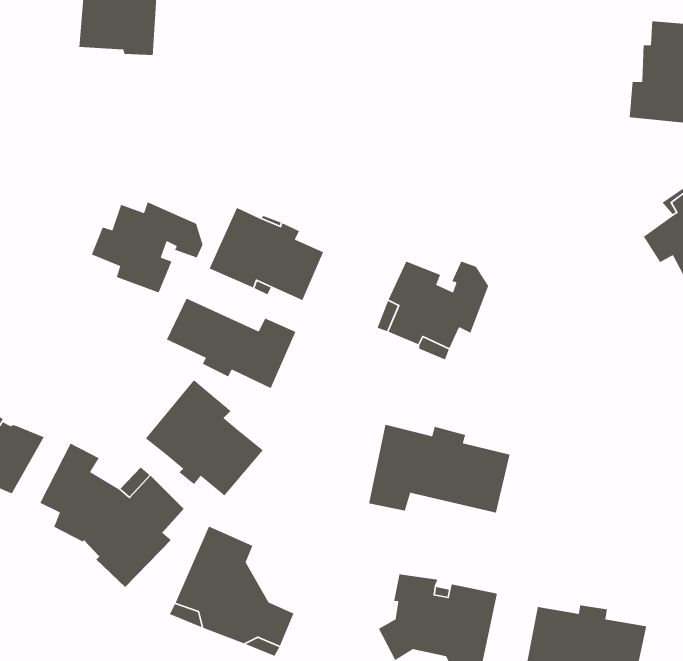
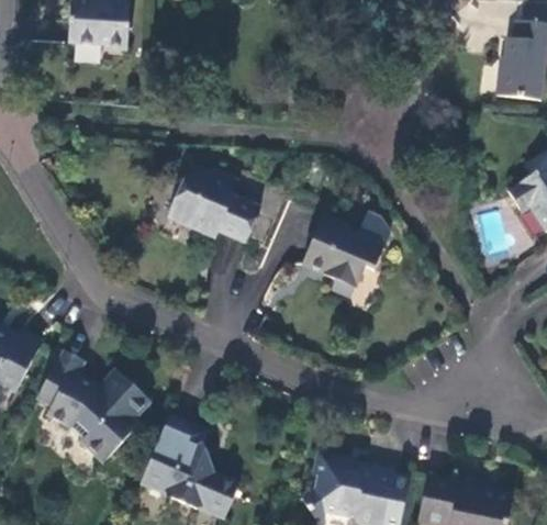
building: [91,201,203,293] -> none
building: [166,297,297,389] -> none
building: [145,379,264,496] -> none
building: [368,424,511,514] -> none

